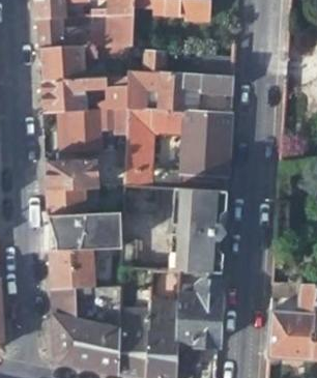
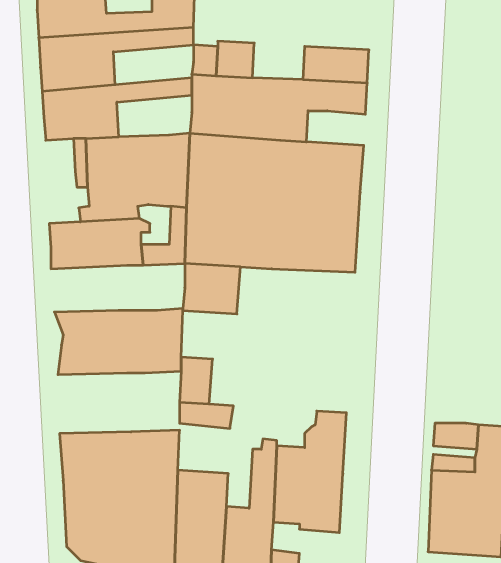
building: [45,186,91,214] -> none
building: [172,188,226,274] -> none
building: [49,251,92,287] -> none

